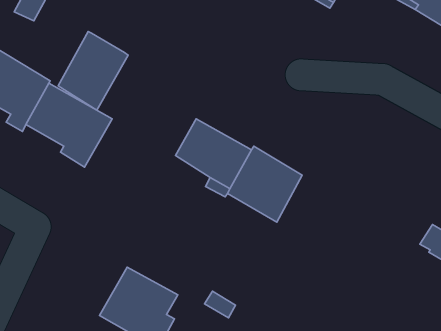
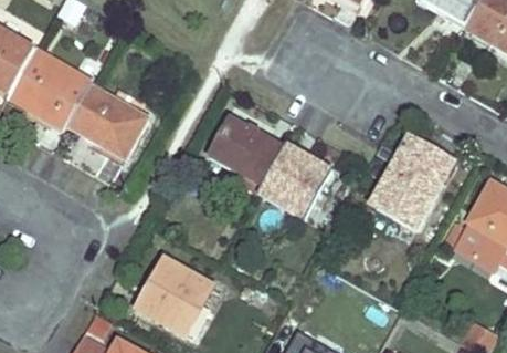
building: [58,32,128,110] -> none
building: none -> [372,136,451,225]

